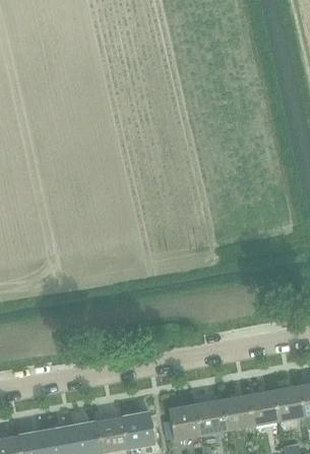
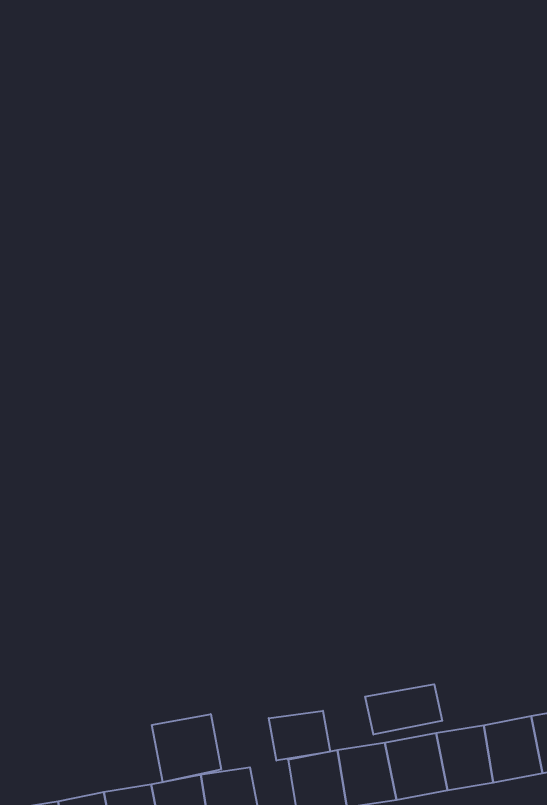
building: none -> [365,684,442,735]
building: none -> [269,711,330,761]
building: none -> [152,714,221,782]

